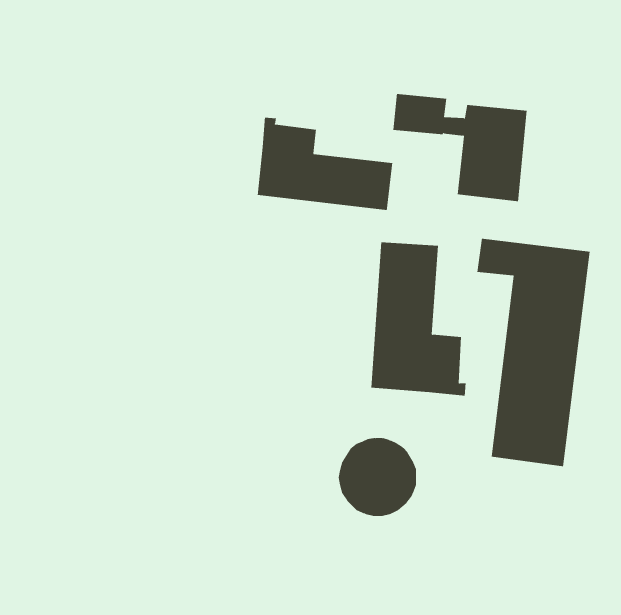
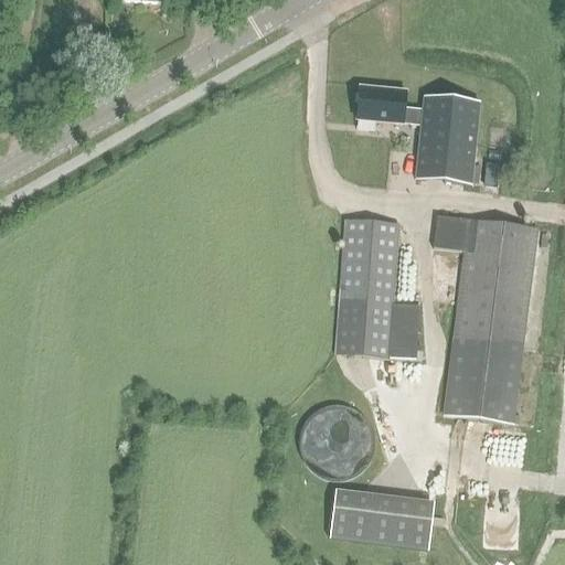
building: [257,117,393,211] -> none
building: none -> [332,487,437,546]

